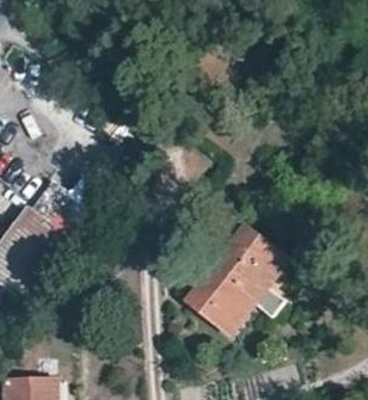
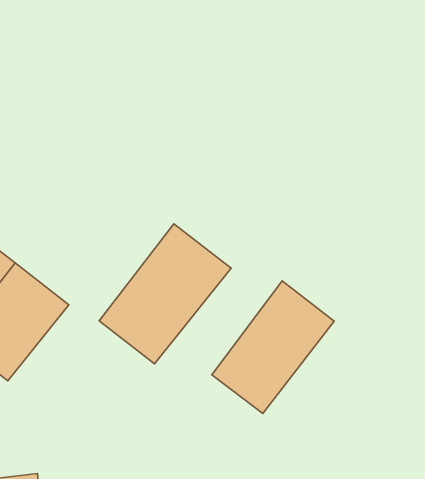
building: none -> [99,224,231,364]

